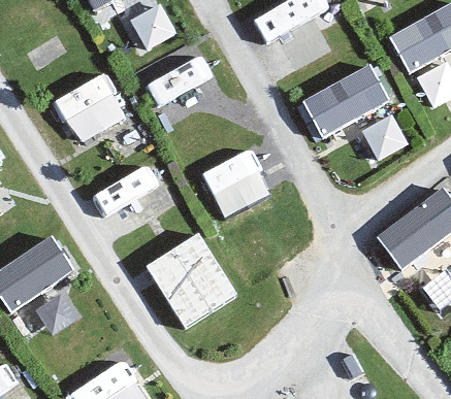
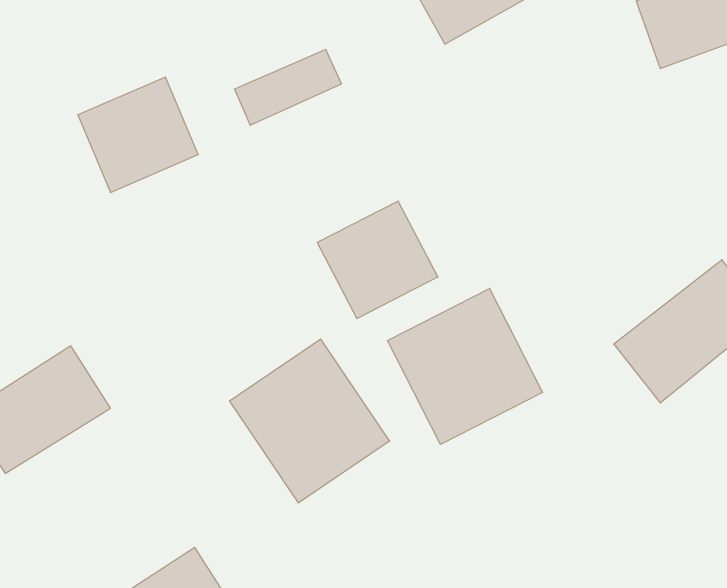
building: [301,64,390,138] -> none
building: none -> [387,288,543,444]

